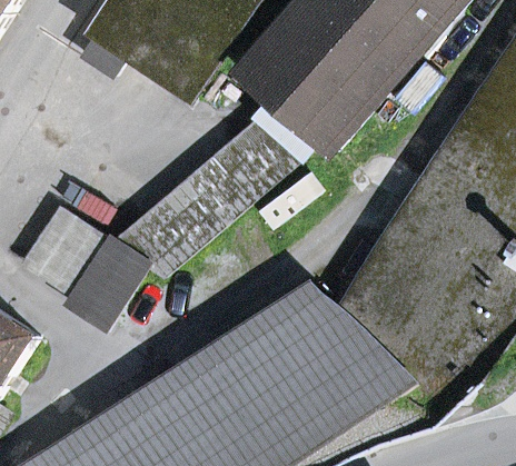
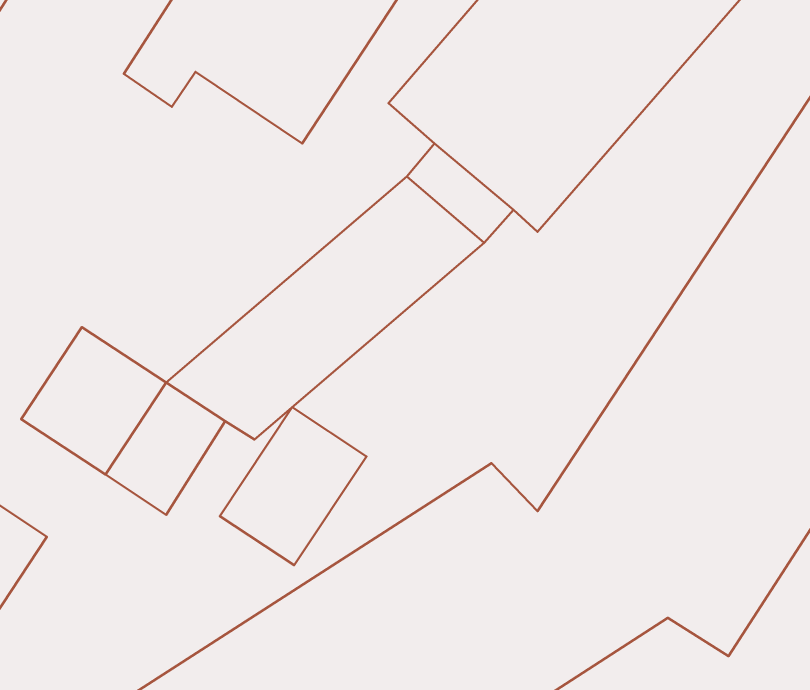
building: none -> [220,407,367,565]

